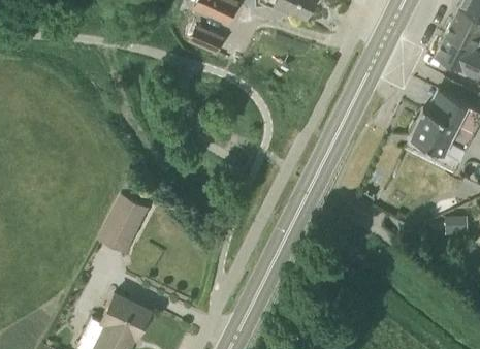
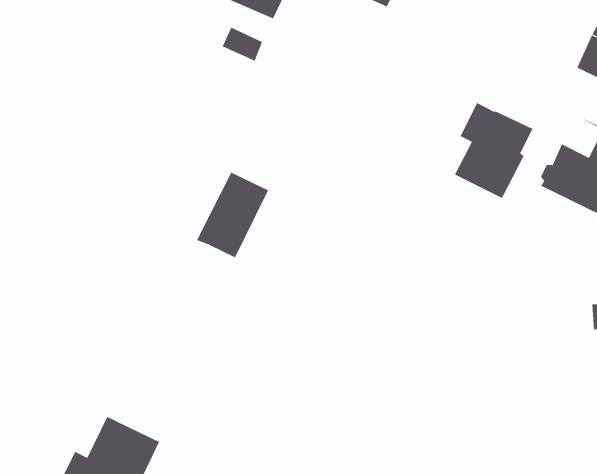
building: none -> [454,102,533,199]
building: [98,193,148,252] -> [196,172,269,258]

